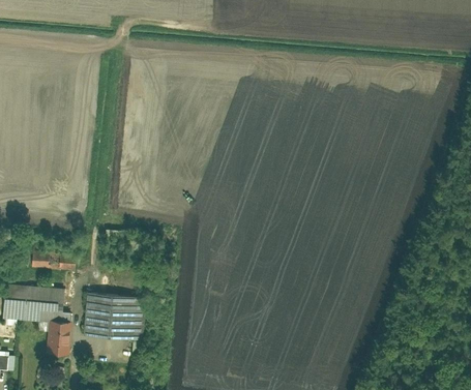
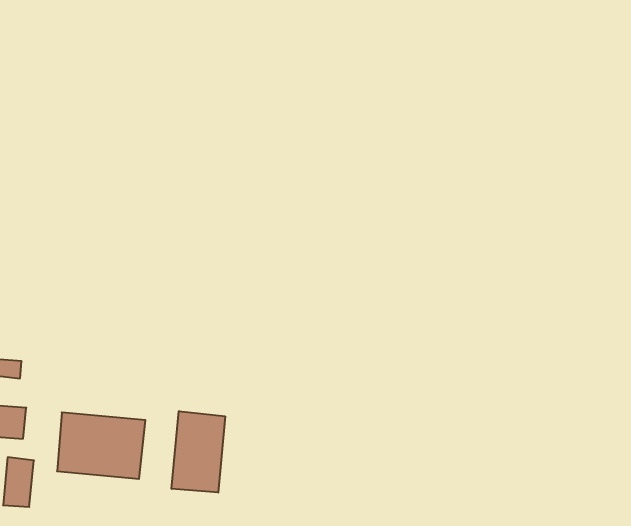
building: none -> [172,411,225,493]

